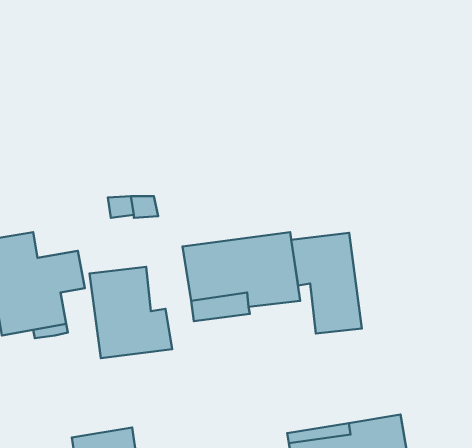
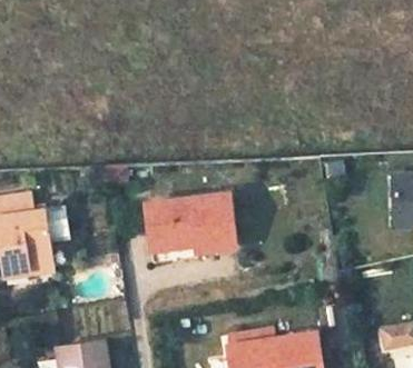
building: [291,233,362,333] -> none
building: [90,267,172,358] -> none

